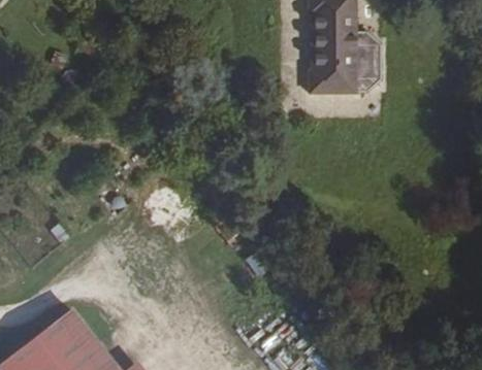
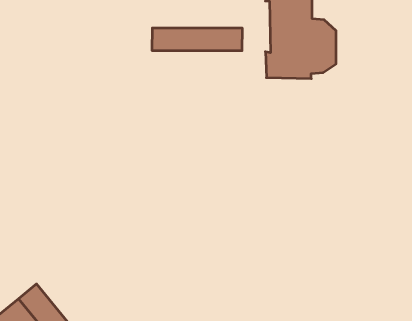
building: none -> [152,28,242,51]

